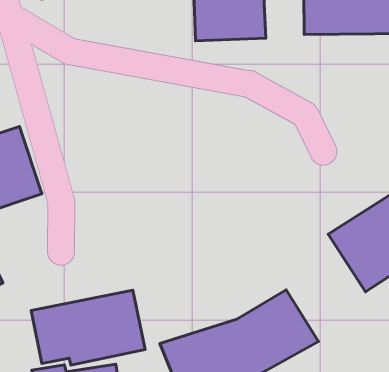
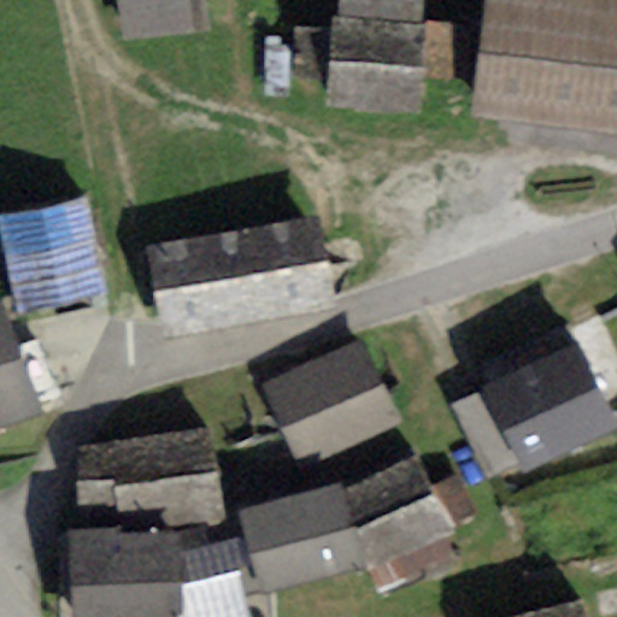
building: none -> [145,213,339,339]
building: none -> [260,342,401,471]

